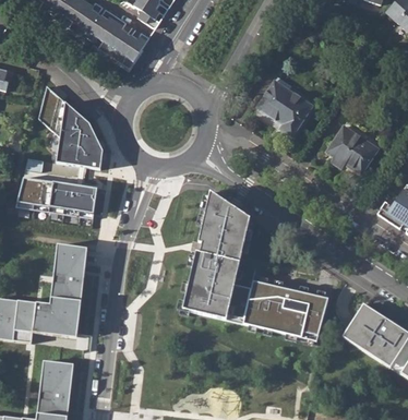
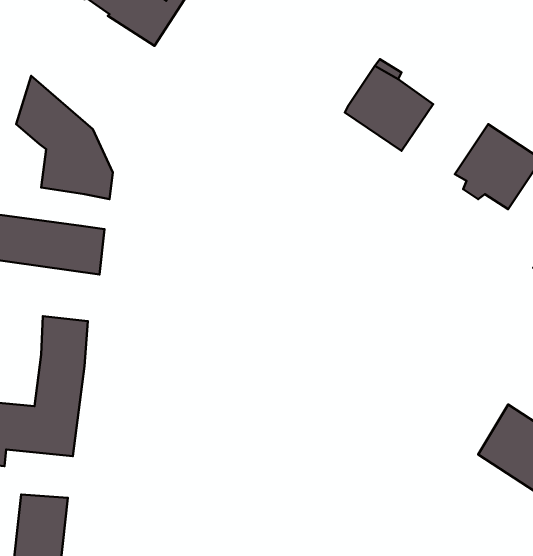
building: [182,192,326,336] -> none

